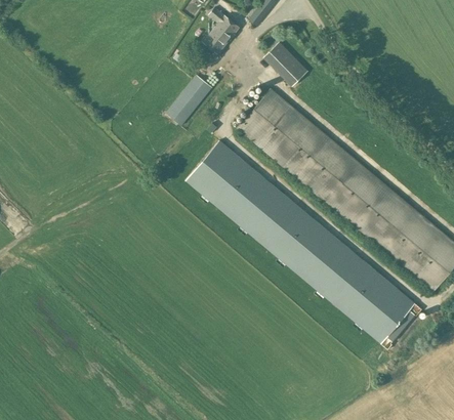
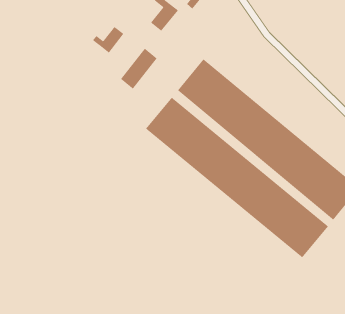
building: [260,43,305,88] -> none
building: none -> [92,26,124,54]

